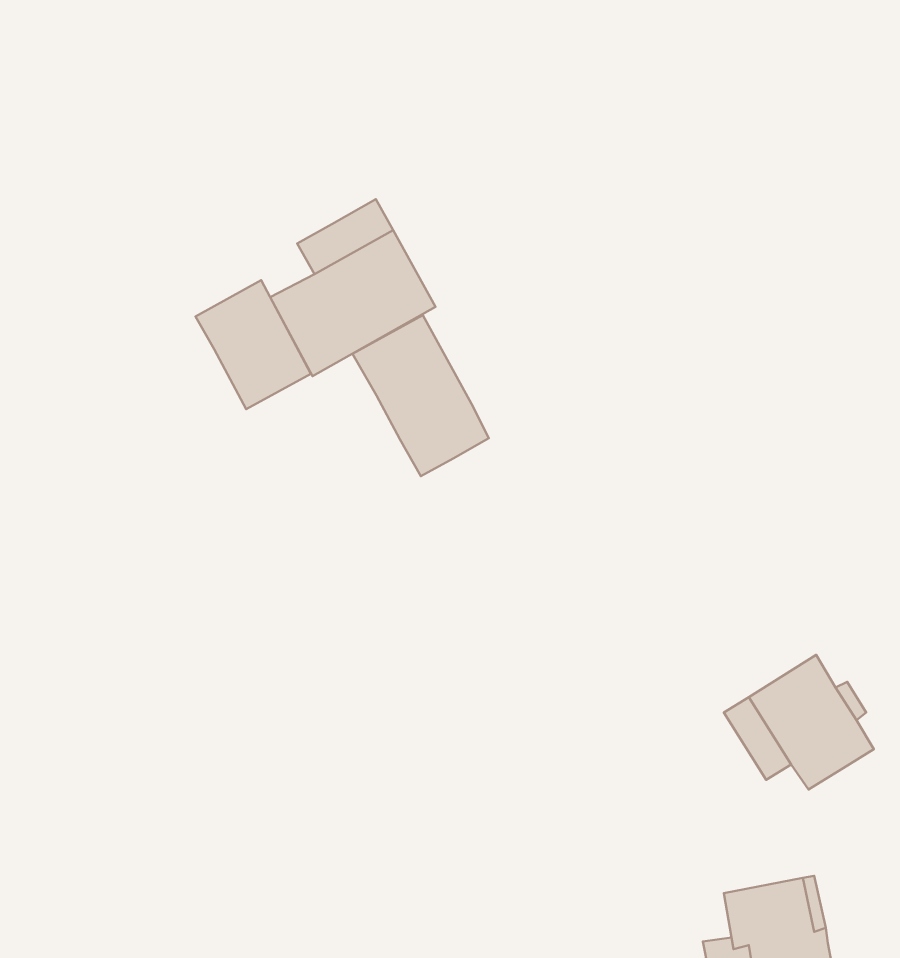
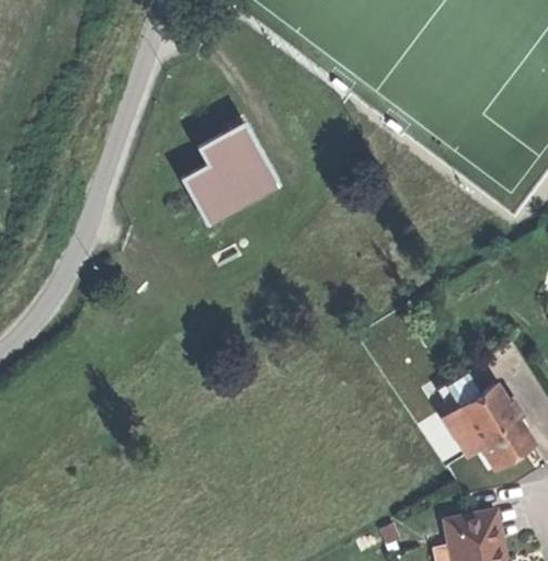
building: [196,280,311,409] -> none
building: [352,315,489,476] -> none

